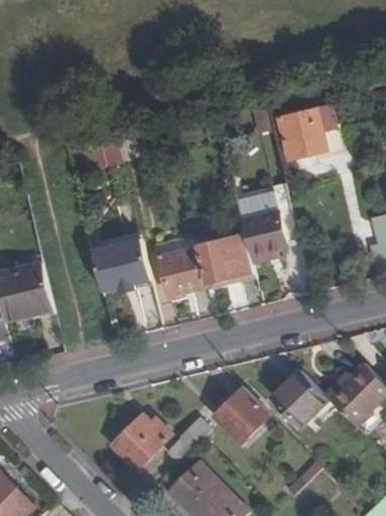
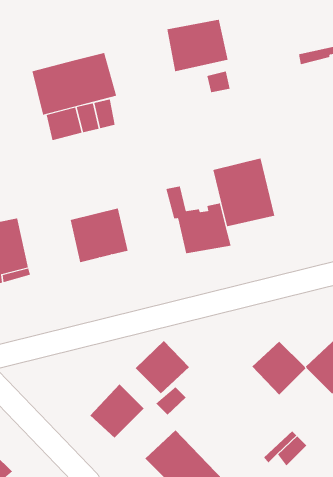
building: none -> [32,52,117,115]
building: [280,107,343,160] -> [167,19,228,72]
building: [157,249,204,294] -> none
building: [214,389,269,443] -> [135,340,190,394]

